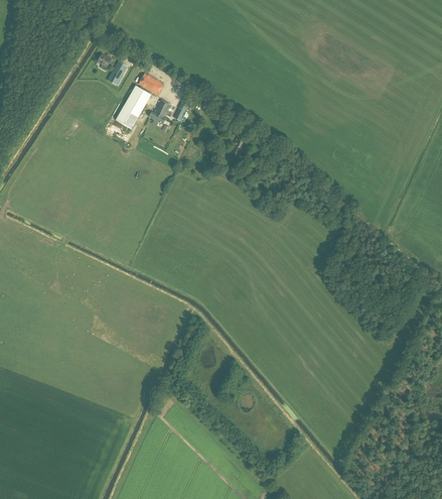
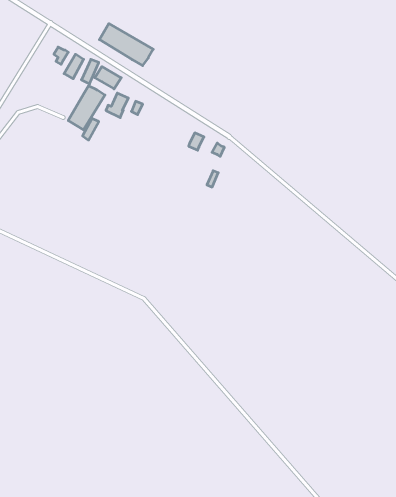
building: none -> [99,24,153,66]

